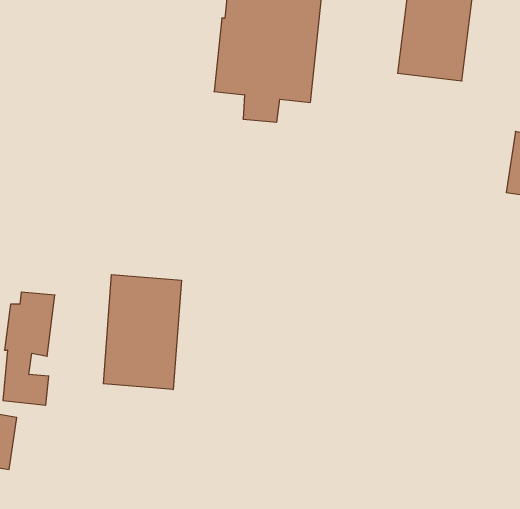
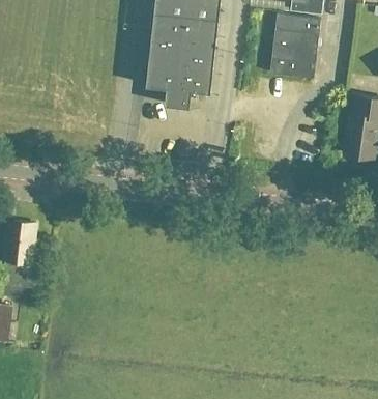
building: [103,275,181,390] -> none

